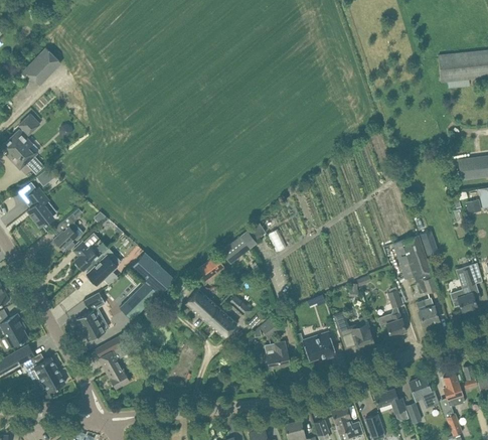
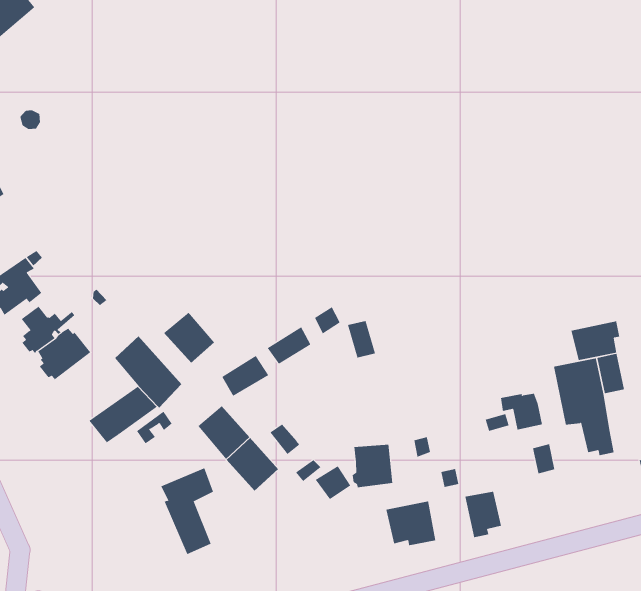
building: none -> [571,320,620,361]
building: none -> [163,312,215,364]
building: [76,292,106,341] -> none
building: [416,298,439,325] -> none
building: [378,313,405,336] -> [500,393,543,430]
building: [95,335,129,389] -> [161,467,214,555]
building: [264,341,290,370] -> [352,444,393,488]

